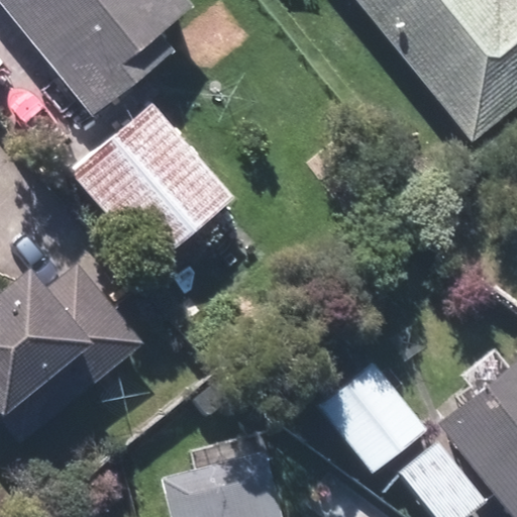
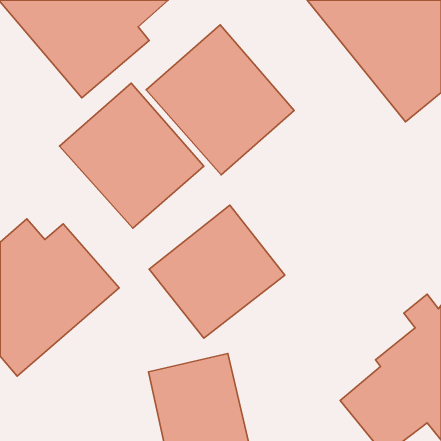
building: none -> [146,25,294,175]
building: none -> [149,205,285,338]
building: [317,355,429,470] -> none

